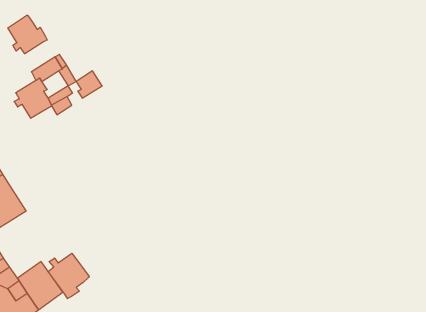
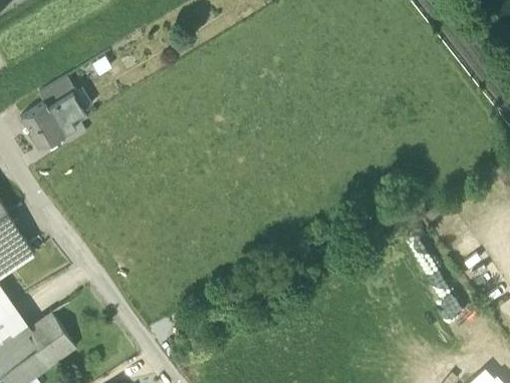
building: [8,15,47,54] -> none
building: [76,71,102,98] -> [51,94,81,125]
building: [48,253,89,299] -> none

